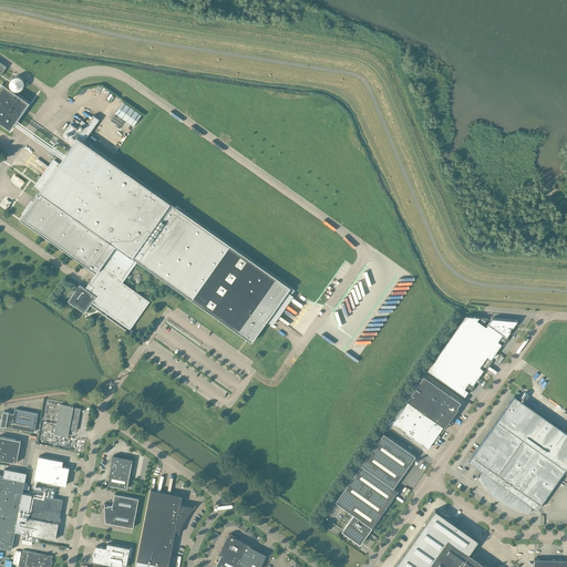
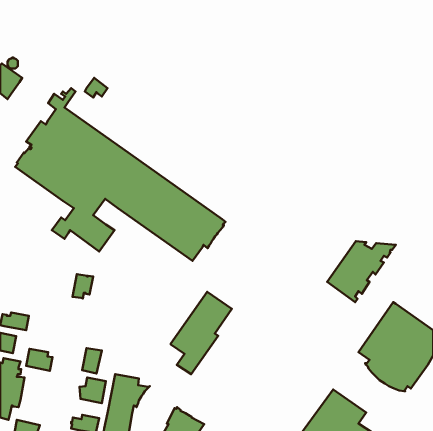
building: [392,378,461,451] -> none
building: [54,406,81,439] -> [73,274,93,299]
building: [336,435,415,543] -> [171,292,232,374]
building: [24,496,63,542] -> none

